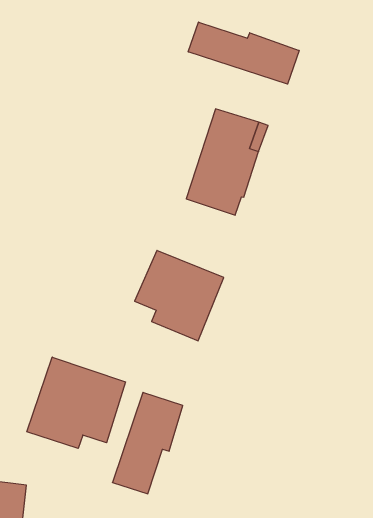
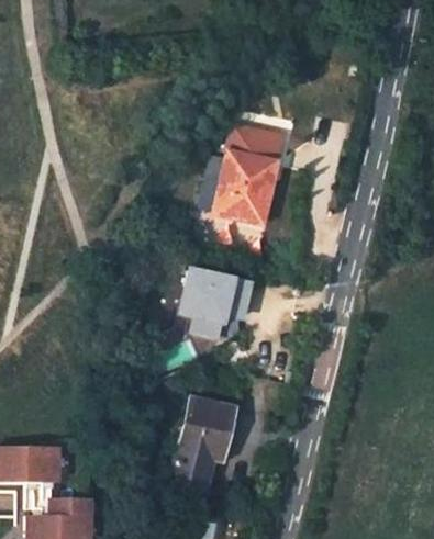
building: [188,22,299,84] -> none
building: [27,357,125,448] -> none

